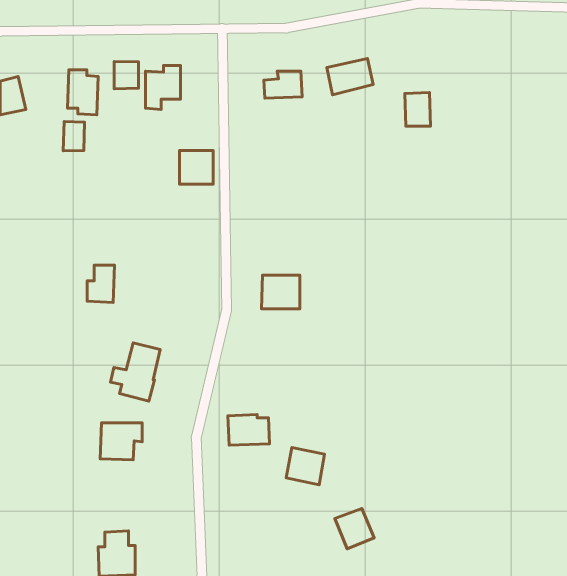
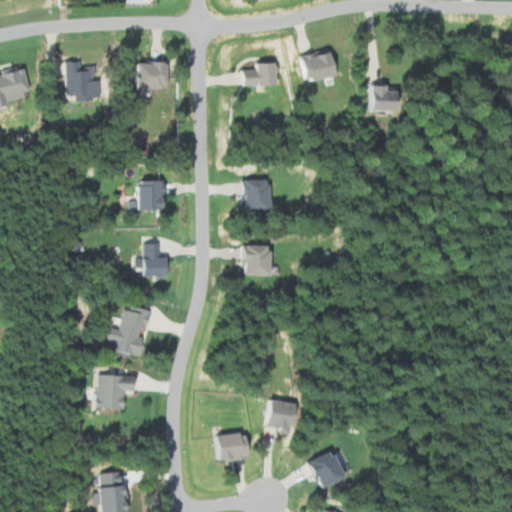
building: [114,62,139,89] -> none
building: [63,121,85,151] -> none
building: [179,150,213,184] -> [136,179,166,209]
building: none -> [242,178,279,209]
building: [87,265,114,302] -> [139,243,163,276]
building: [228,415,270,445] -> [213,432,250,459]

